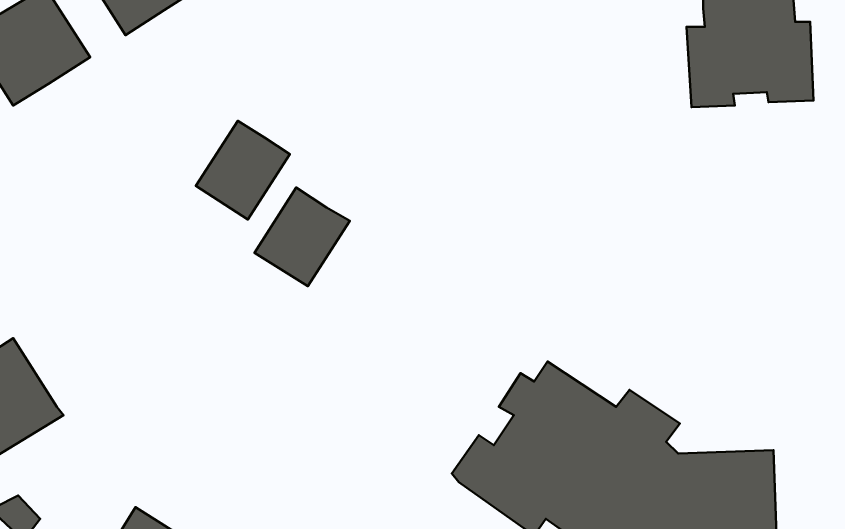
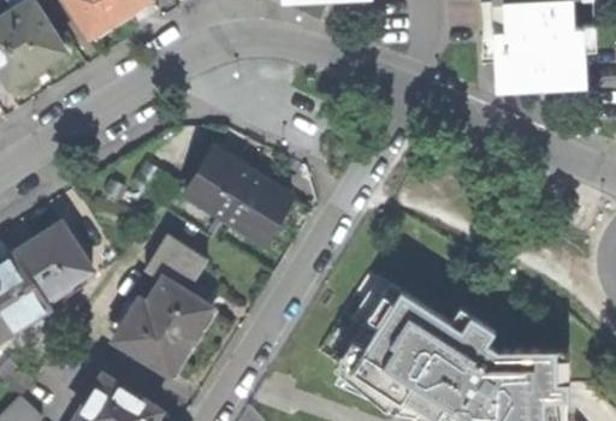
building: [196,121,290,219] -> [221,172,289,243]
building: none -> [10,226,88,306]
building: none -> [112,239,203,374]

